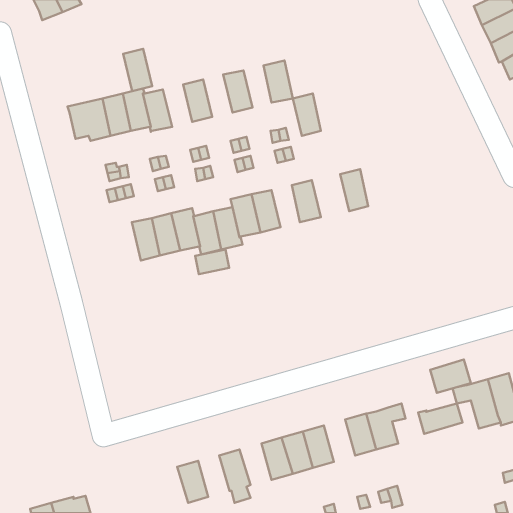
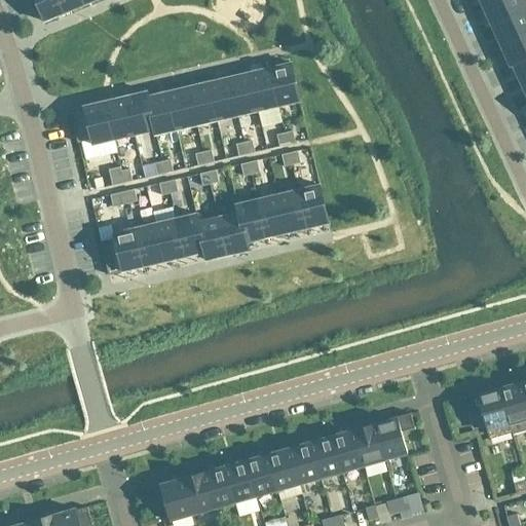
building: [123,49,152,91] -> [167,86,197,129]
building: none -> [209,76,238,119]
building: [293,94,321,136] -> [250,67,278,110]
building: [340,169,368,211] -> [278,189,307,232]
building: none -> [101,227,145,274]
building: [195,249,229,274] -> none
building: [430,359,471,393] -> none
building: [418,403,462,434] -> none
building: none -> [332,428,364,472]
building: none -> [246,453,278,495]
building: none -> [203,465,235,508]
building: none -> [147,477,193,520]

